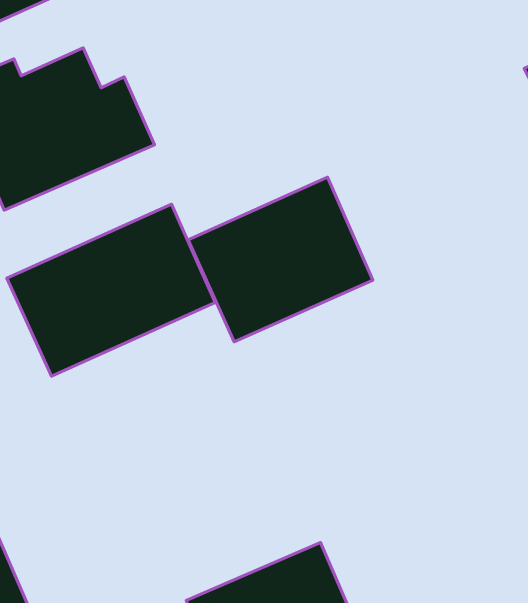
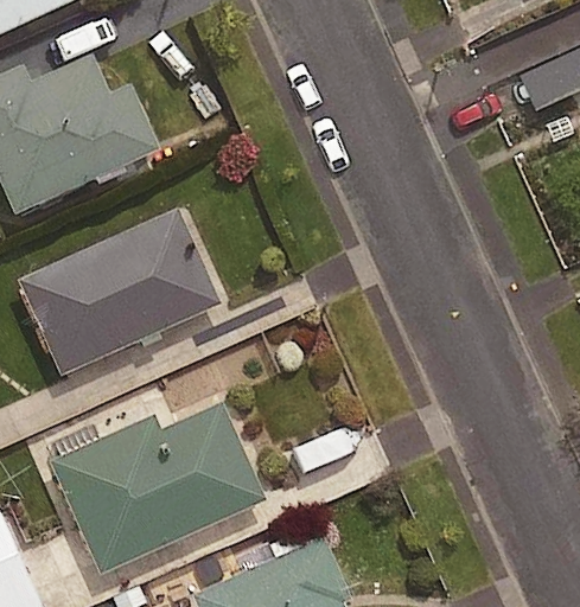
building: [188,177,373,342] -> none
building: none -> [49,402,266,575]

